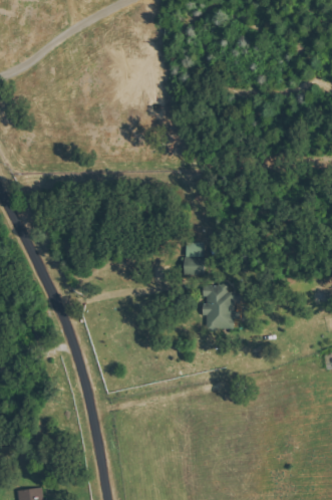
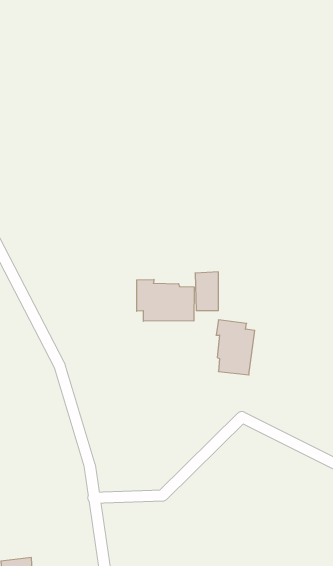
building: none -> [137,279,194,321]

